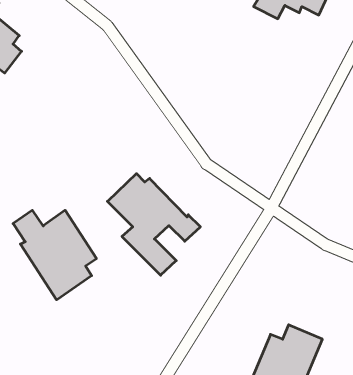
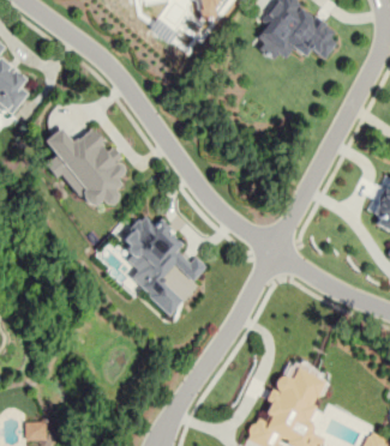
building: [13,210,96,300] -> [42,127,125,216]

